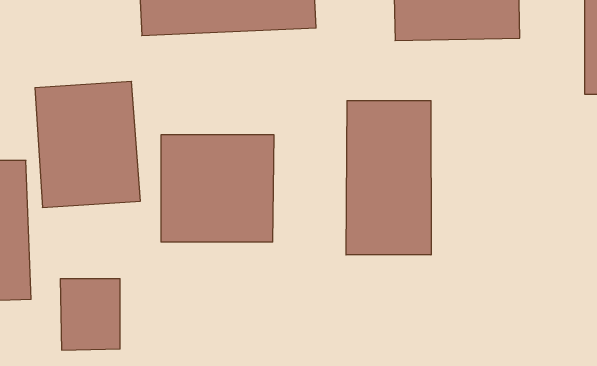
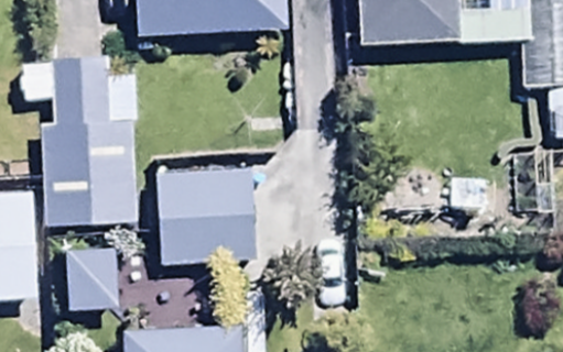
building: [346,101,431,255] -> none

